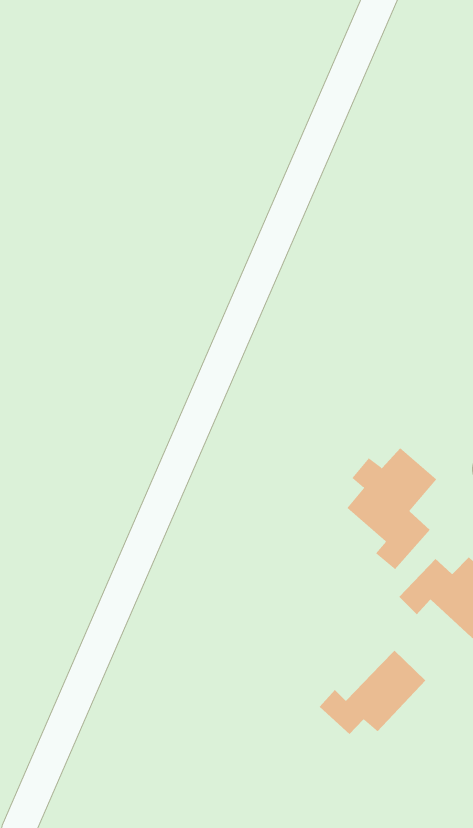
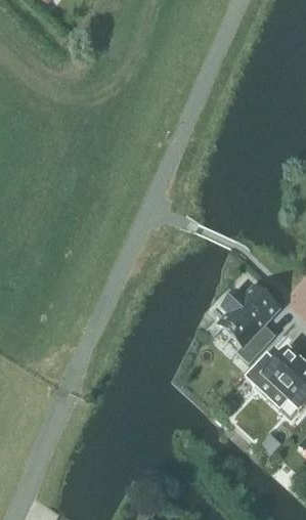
building: [319,650,426,735] -> none

